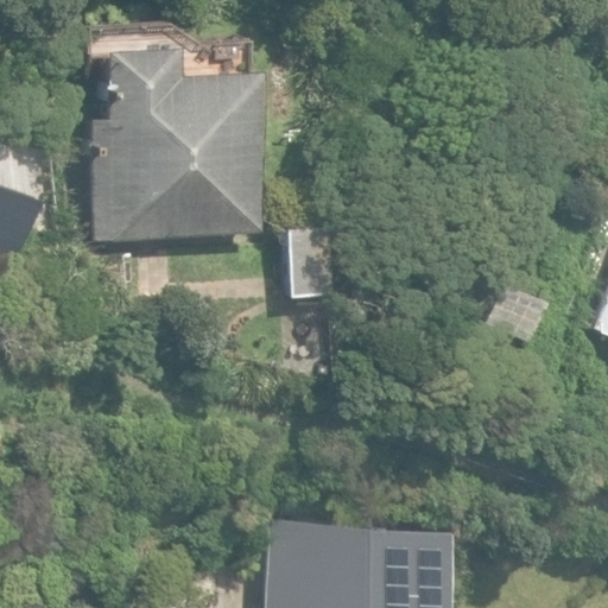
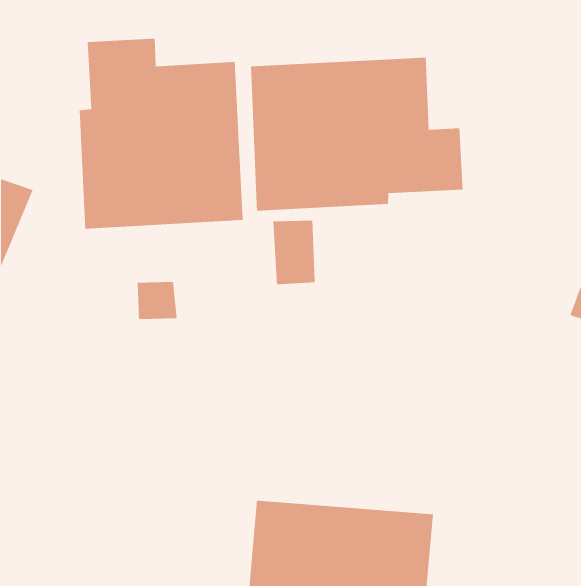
building: none -> [250,57,463,211]

